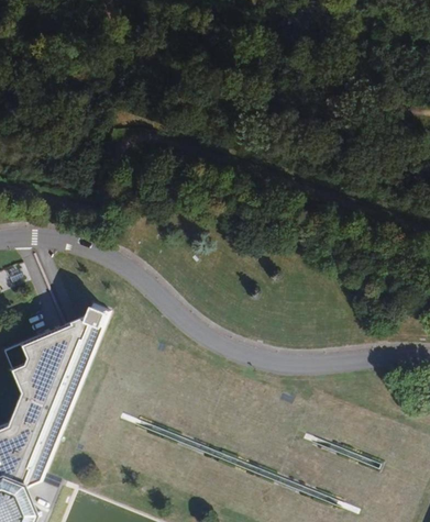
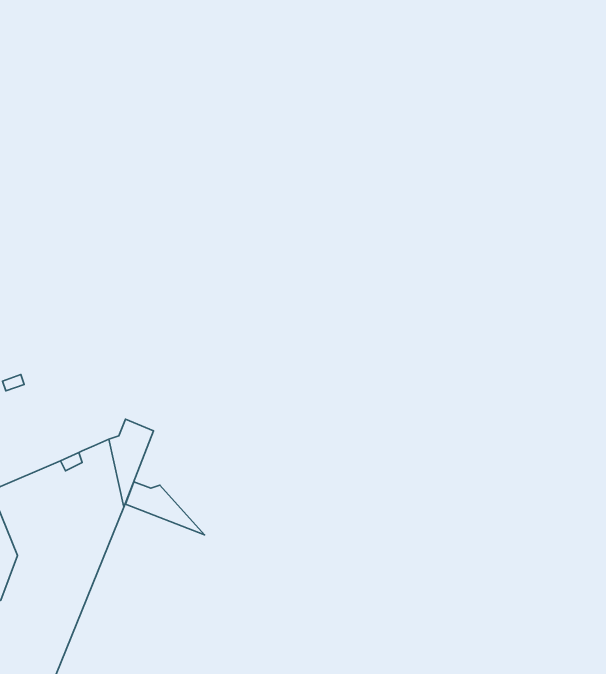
building: none -> [126,482,204,535]

